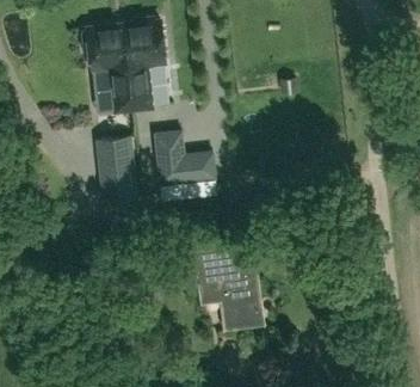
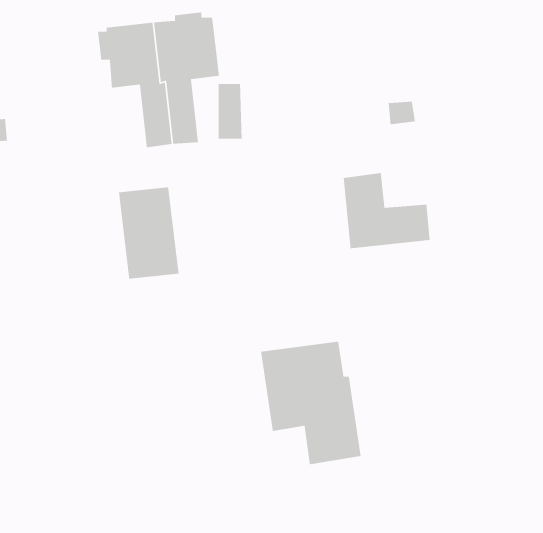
building: [155,133,215,185] -> [343,172,431,249]

